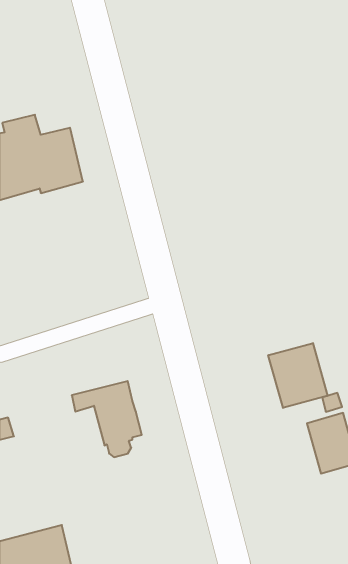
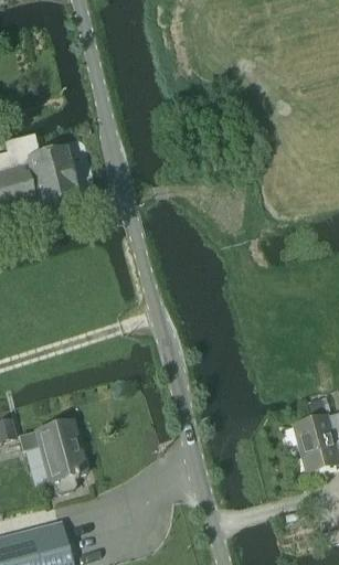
building: [268,343,328,408] -> none
building: [72,381,142,457] -> [20,420,86,492]

